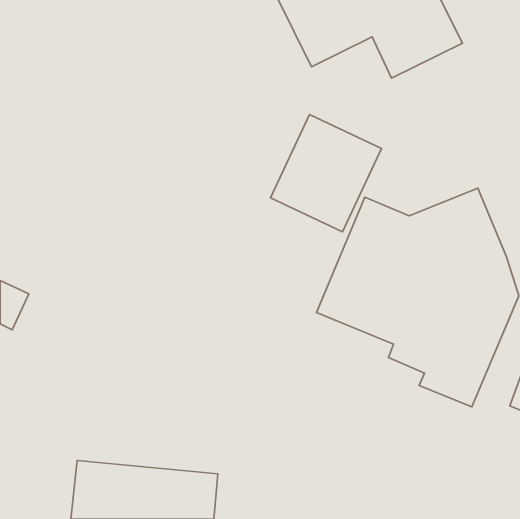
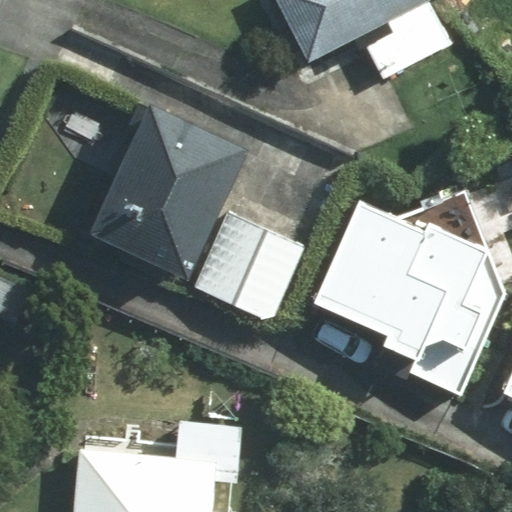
building: [270,115,381,232] -> [204,205,312,319]
building: none -> [84,128,232,281]

